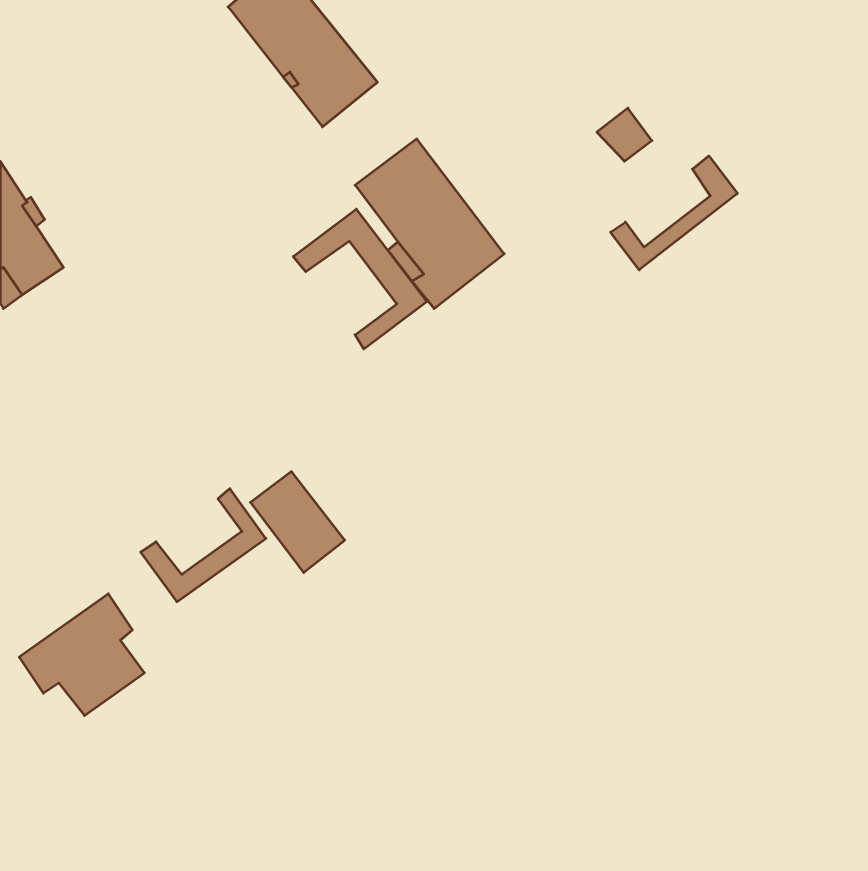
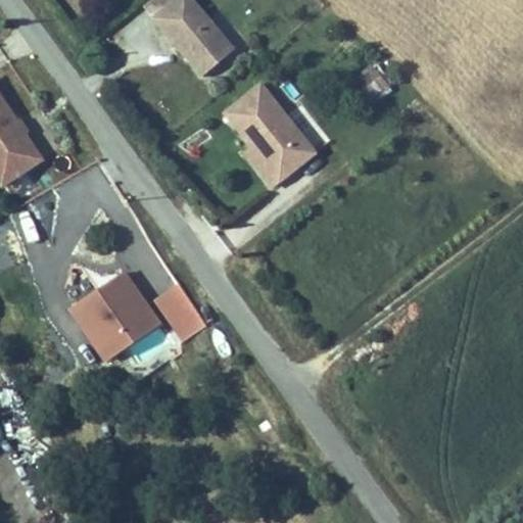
building: [611,156,737,270] -> none
building: [293,209,427,349] -> none
building: [19,594,144,716] -> [75,270,149,342]

